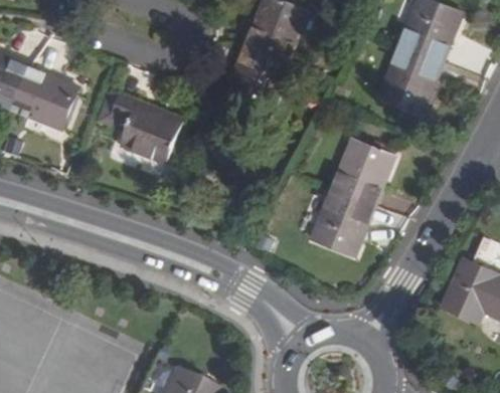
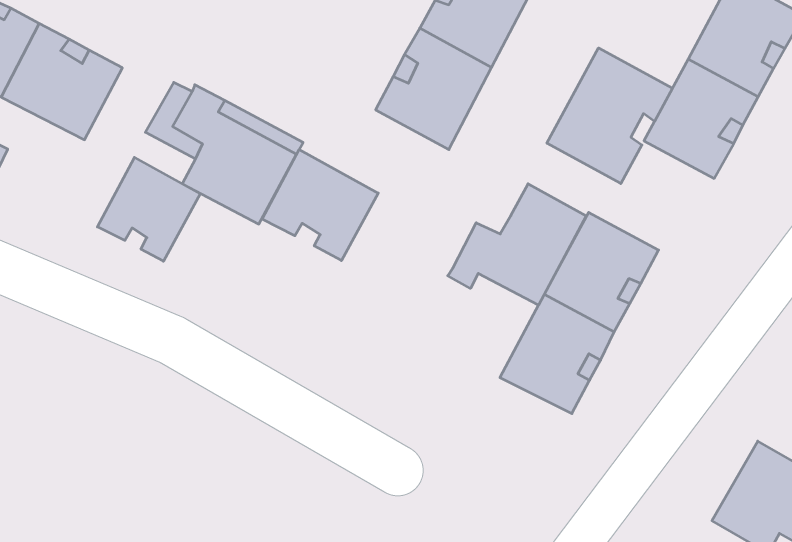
building: none -> [547,48,672,184]
building: none -> [262,149,378,261]
building: none -> [448,184,586,305]
building: none -> [97,157,200,261]

